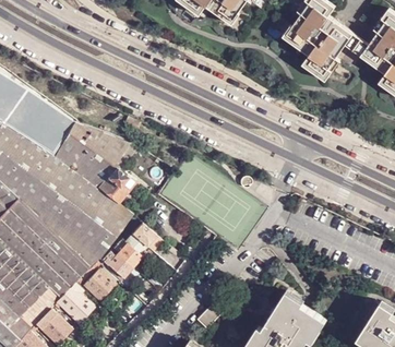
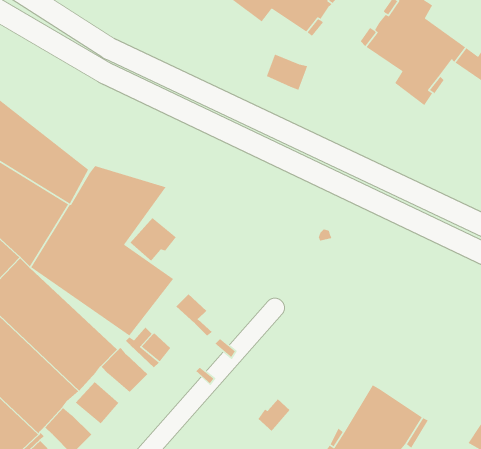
building: none -> [266,53,308,91]
building: [118,234,158,267] -> none

